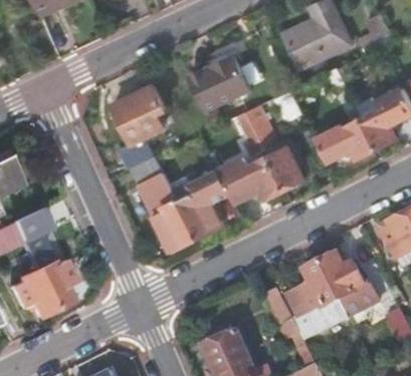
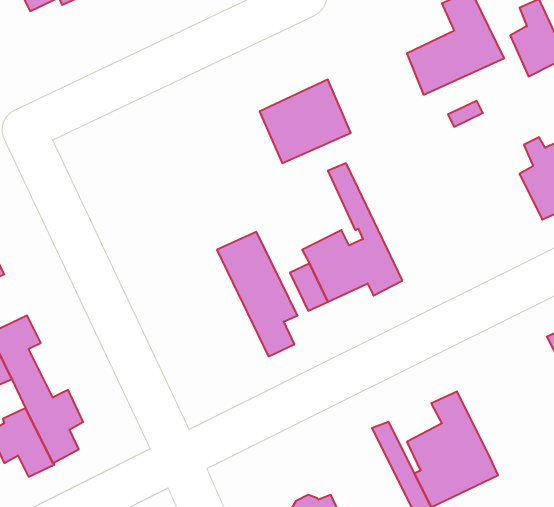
building: [114,84,165,140] -> none
building: [246,103,303,186] -> none
building: [316,116,376,158] -> none
building: [129,152,195,249] -> none
building: [320,252,378,315] -> none

